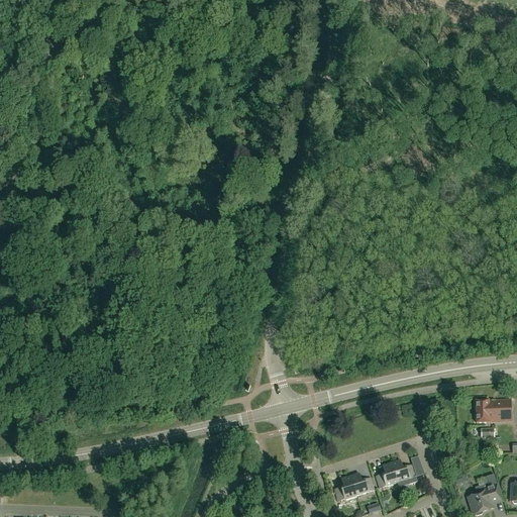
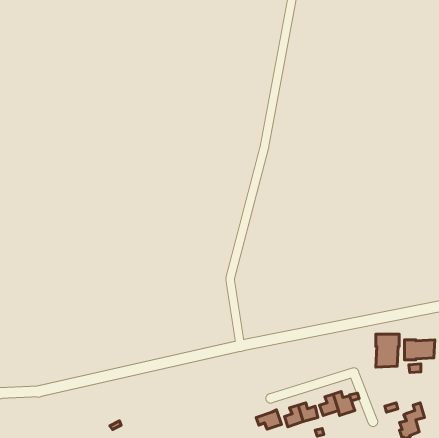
building: none -> [376,334,399,367]
building: none -> [256,410,281,429]

